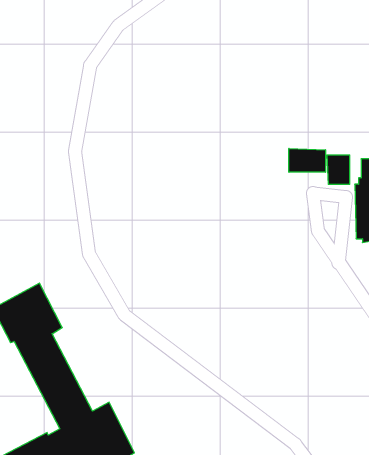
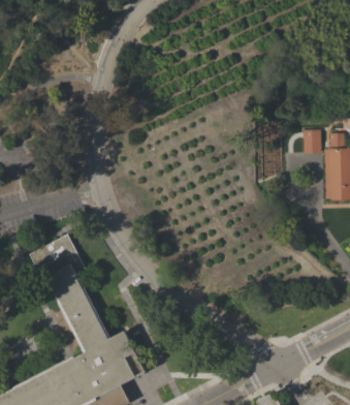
building: [289,148,325,172] -> none

